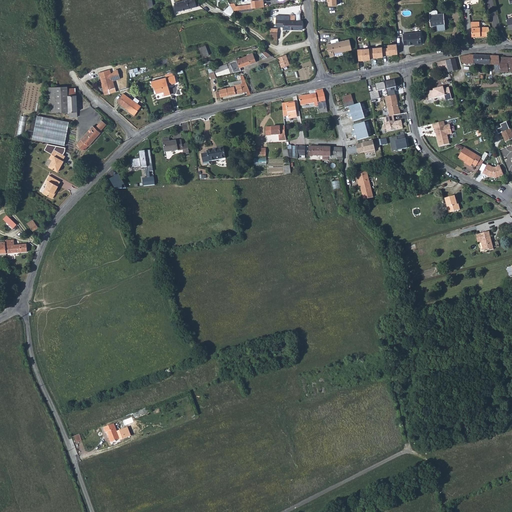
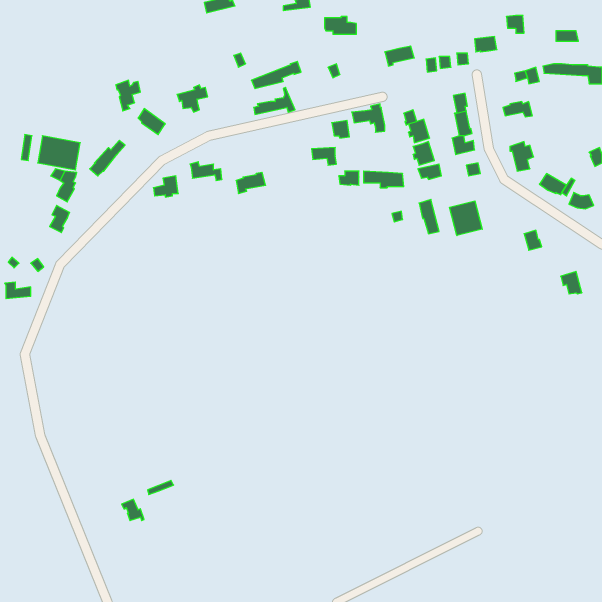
building: [47,86,77,116] -> none
building: none -> [450,201,482,236]

